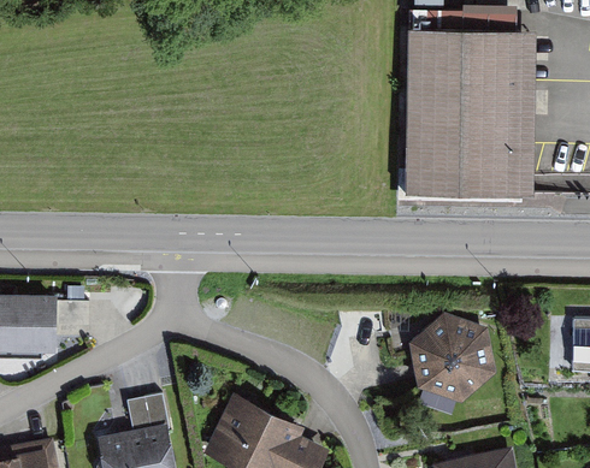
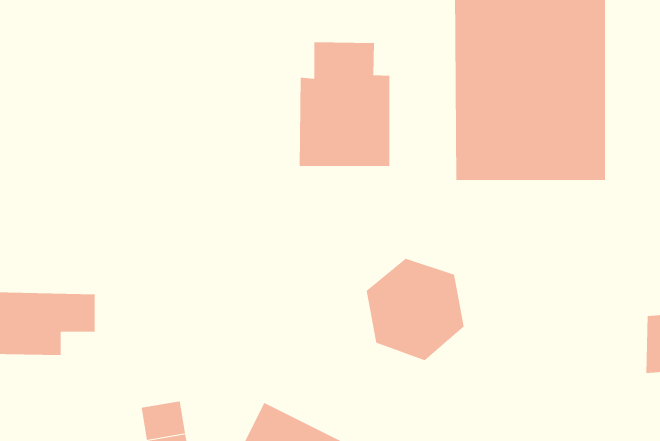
building: none -> [299,41,390,167]
building: [407,310,494,401] -> [366,258,464,361]

